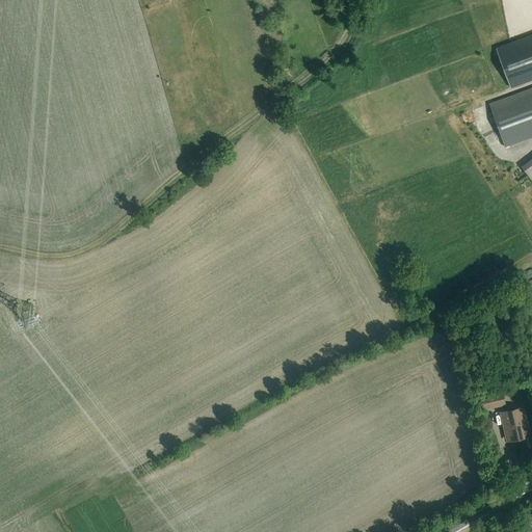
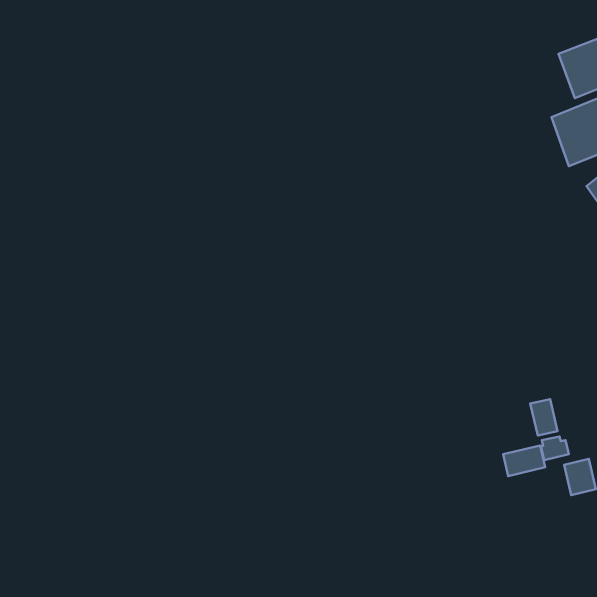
building: none -> [530,399,558,436]
building: none -> [503,445,545,476]

